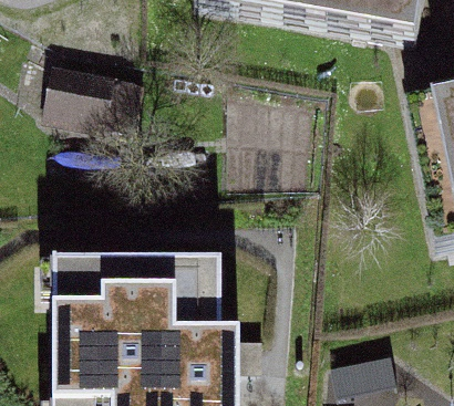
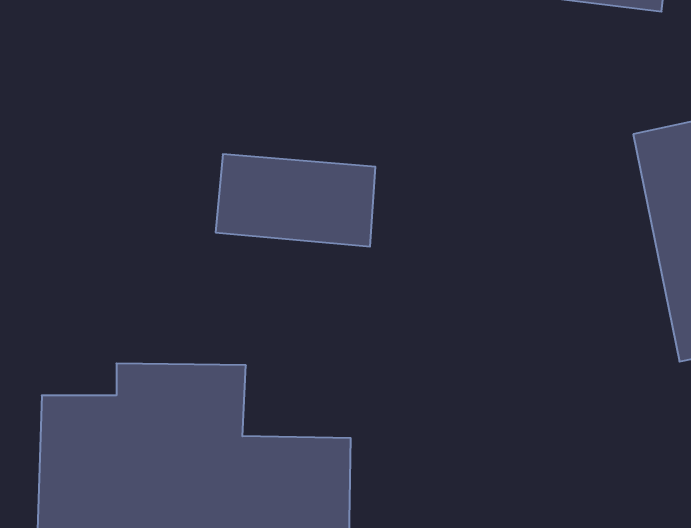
building: [54,71,154,128] -> [216,154,375,247]

